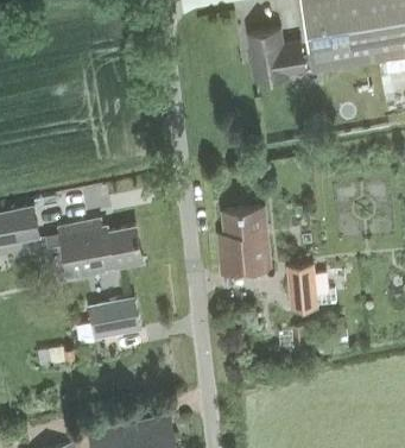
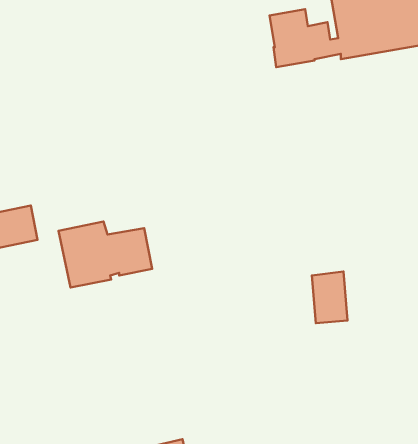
building: [219,207,272,276] -> none
building: [95,289,138,324] -> none

